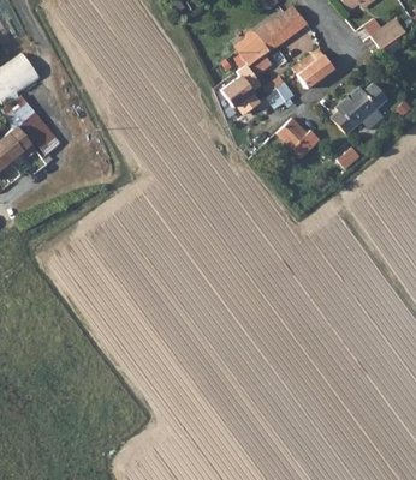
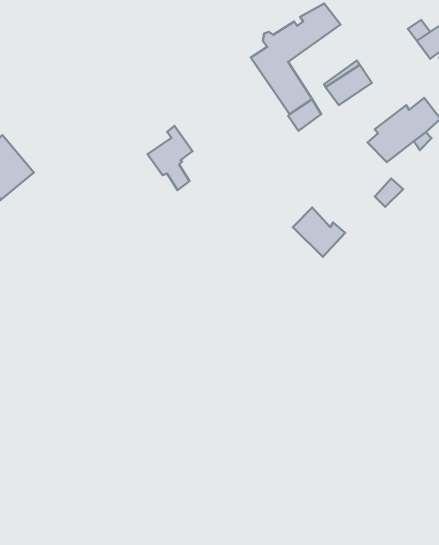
building: [224,64,260,115] -> [148,126,192,190]
building: [277,118,319,157] -> [293,208,345,257]

